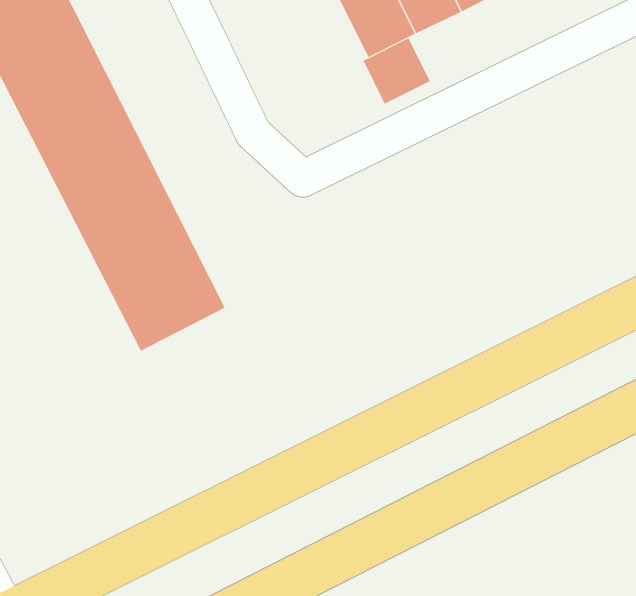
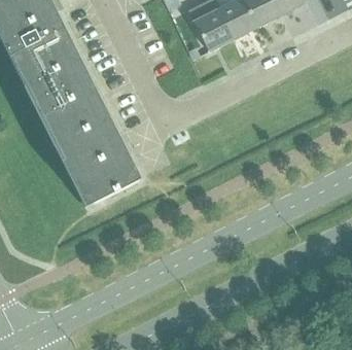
building: [363,38,430,105] -> none

